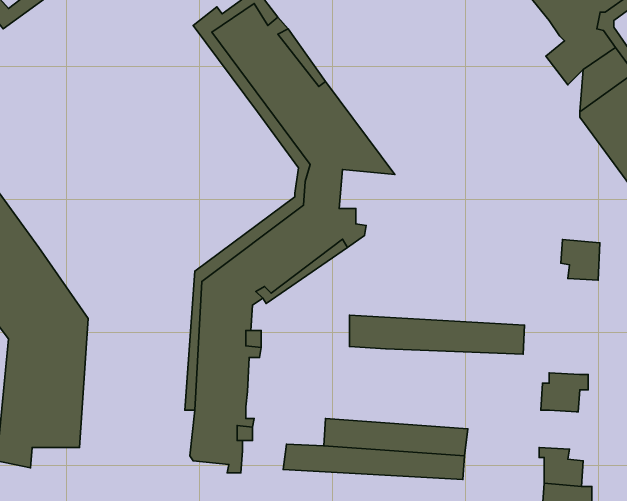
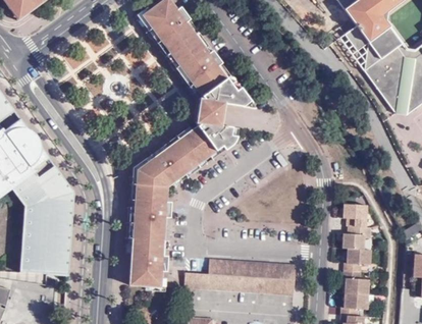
building: [561,239,600,280] -> [345,205,368,229]
building: [349,315,524,354] -> none
building: none -> [342,251,371,274]

